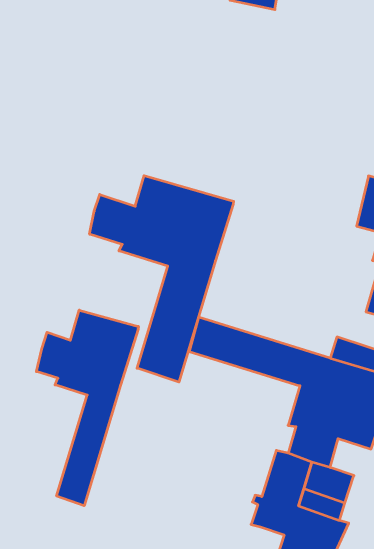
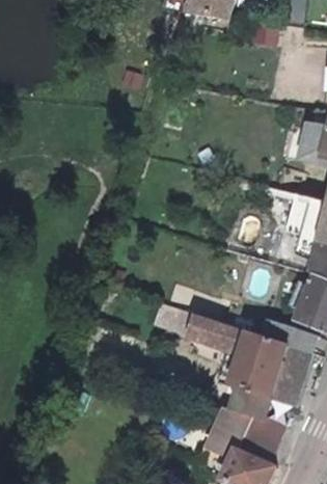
building: [90,176,234,382] -> none
building: [36,310,138,506] -> none

